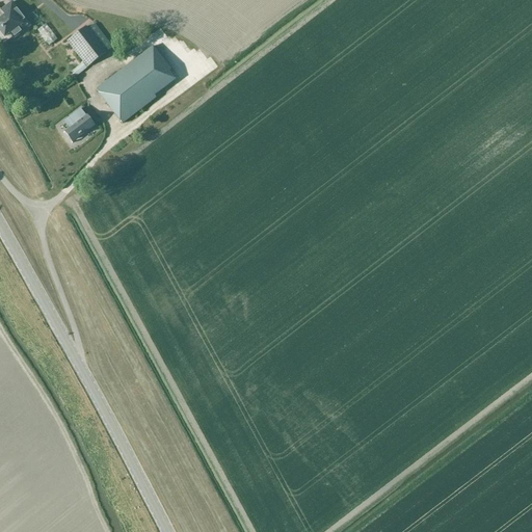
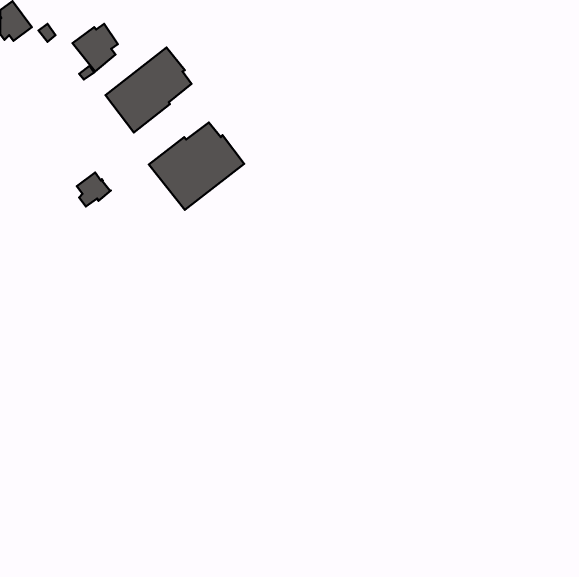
building: [63,107,95,138] -> [77,172,111,206]
building: none -> [149,123,244,210]

